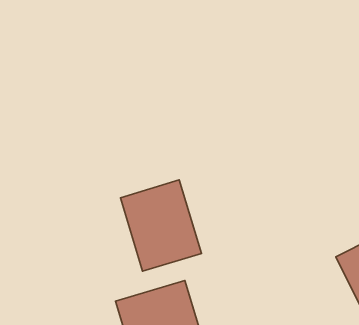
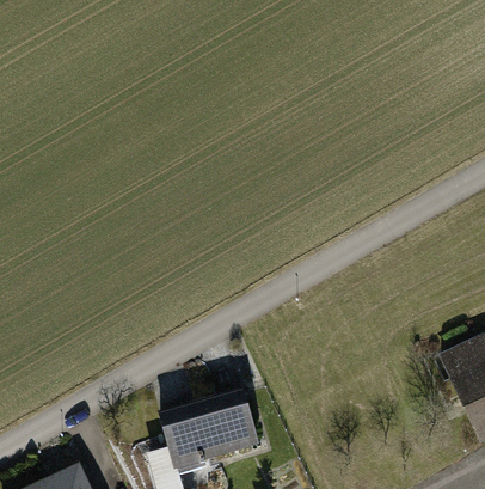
building: [120,180,201,271] -> none

